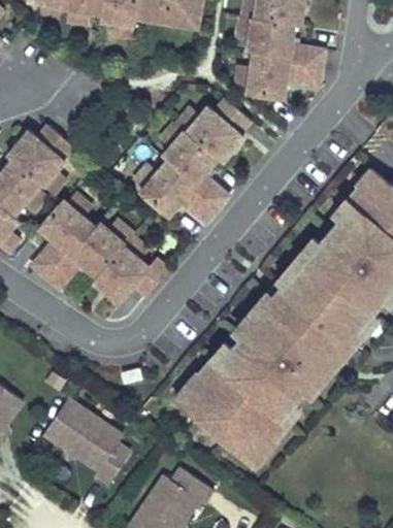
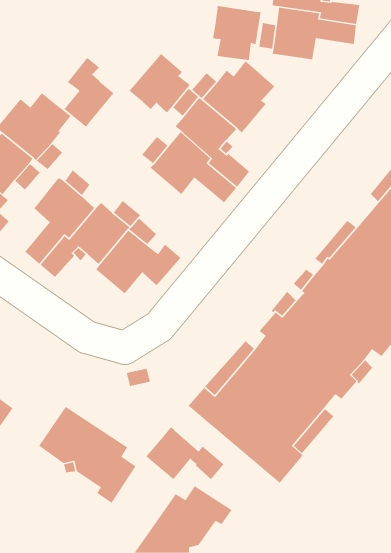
building: none -> [212,5,261,61]
building: none -> [129,53,191,114]
building: none -> [63,57,115,128]
building: none -> [146,426,224,480]

